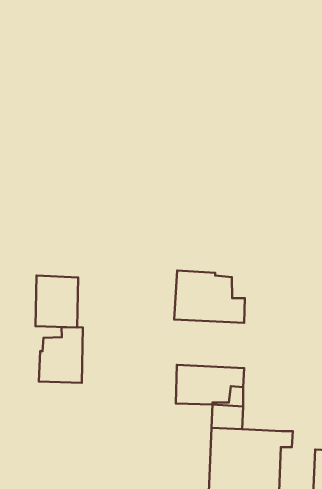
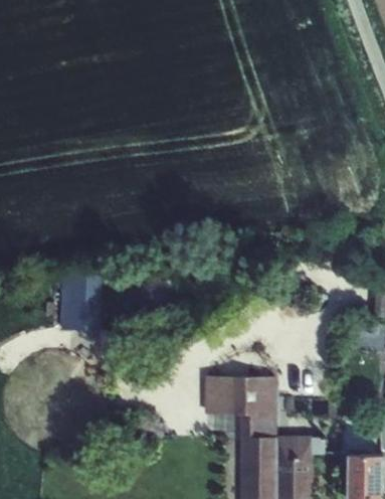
building: [174,270,245,323] -> none
building: [39,327,83,383] -> none

